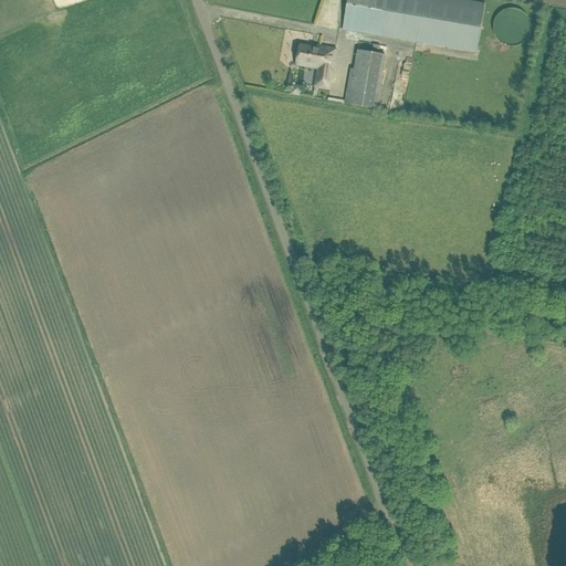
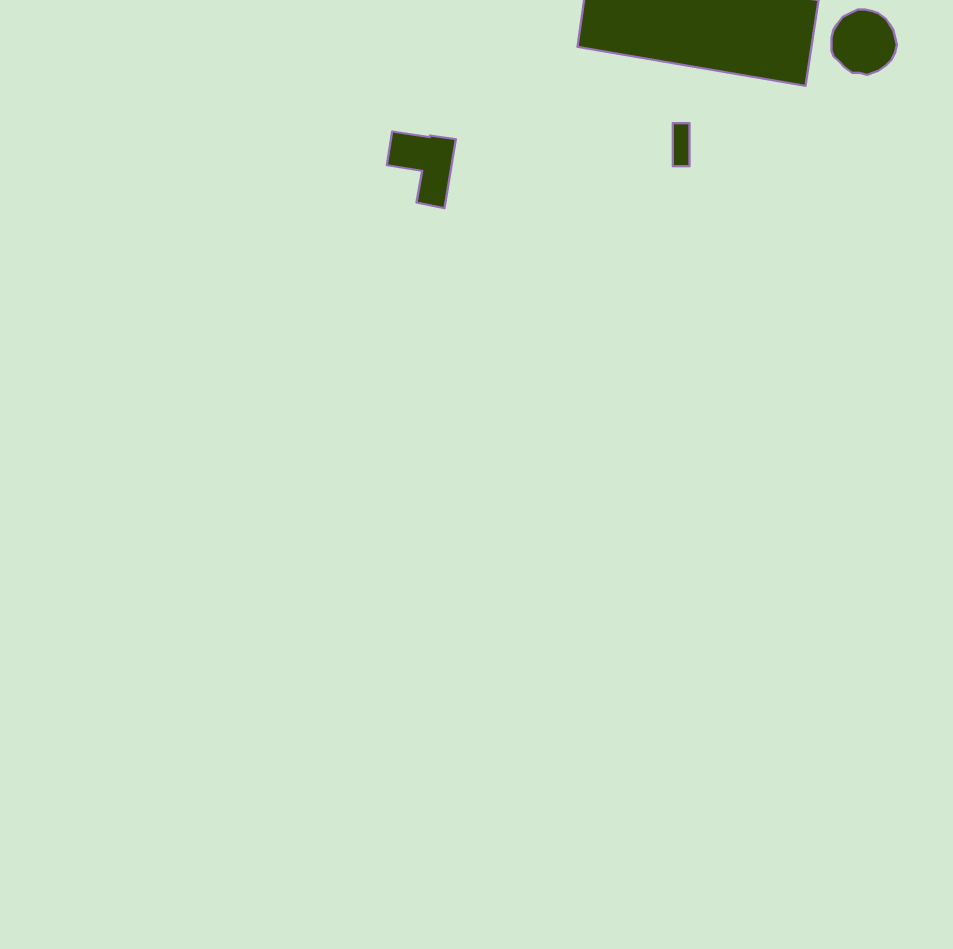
building: [295,42,336,87] -> [387,132,456,208]
building: [344,48,385,107] -> none

